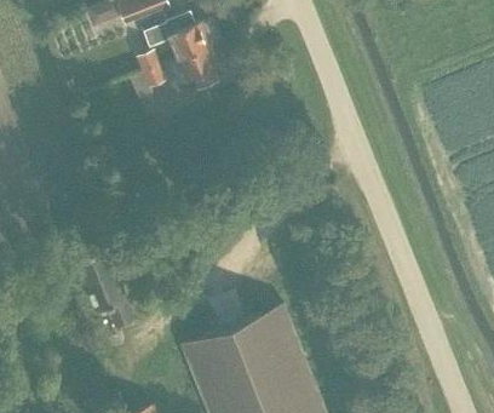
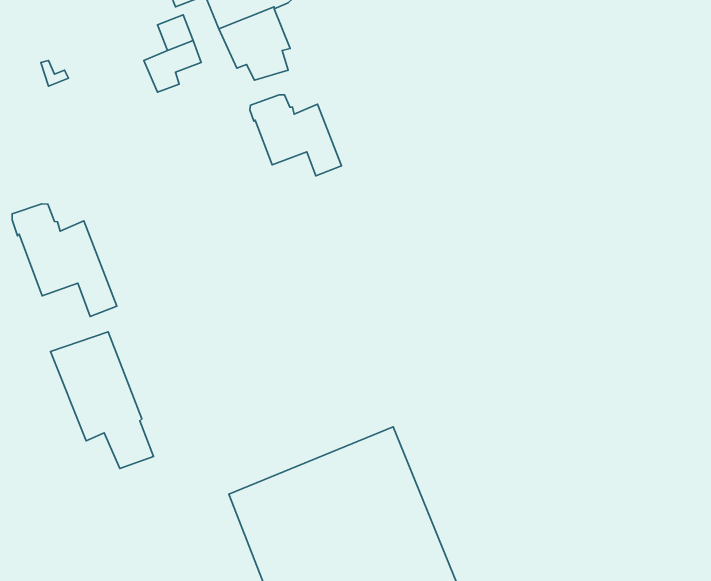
building: none -> [250,95,342,176]
building: none -> [12,204,117,316]

